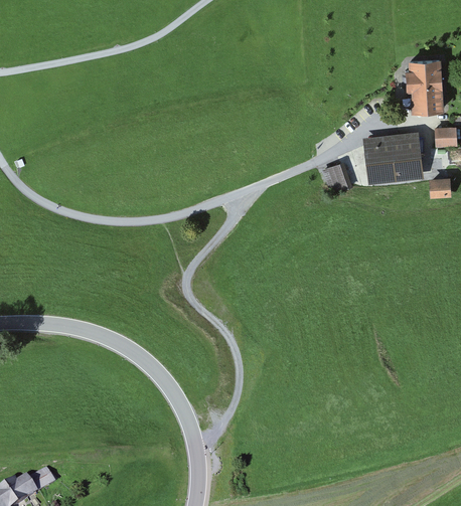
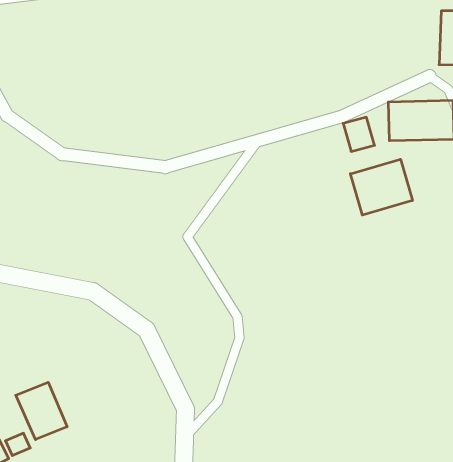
building: none -> [350,159,412,215]
building: none -> [16,382,67,440]

